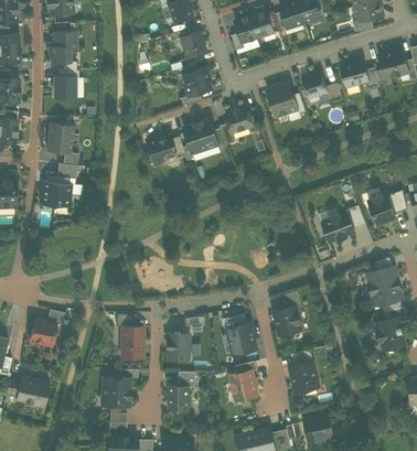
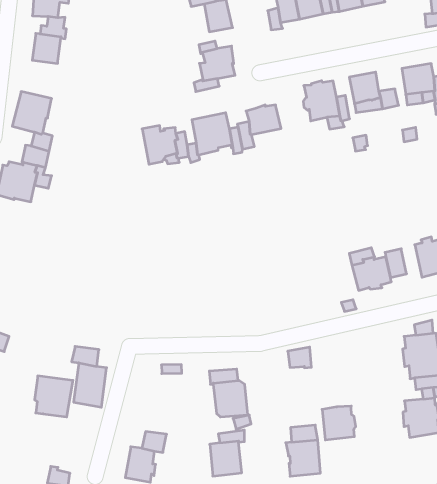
building: [274,307,301,335] -> [322,406,356,440]
building: [169,333,190,361] -> none
building: [103,377,130,406] -> [35,376,73,417]

